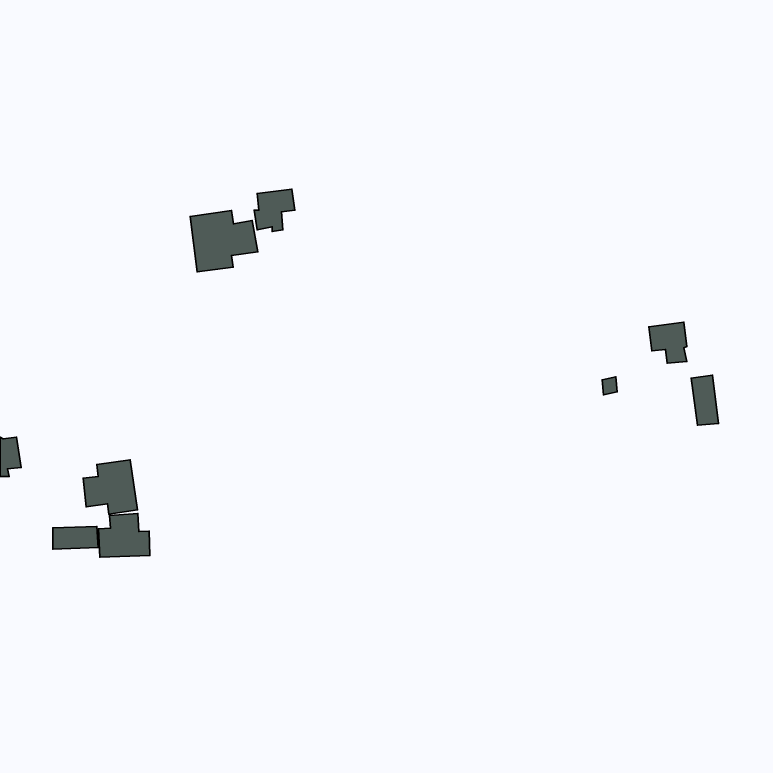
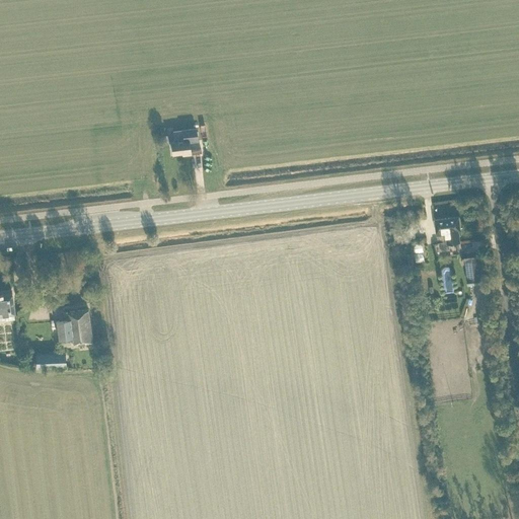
building: [190,211,258,272] -> none
building: [99,513,150,557] -> none

